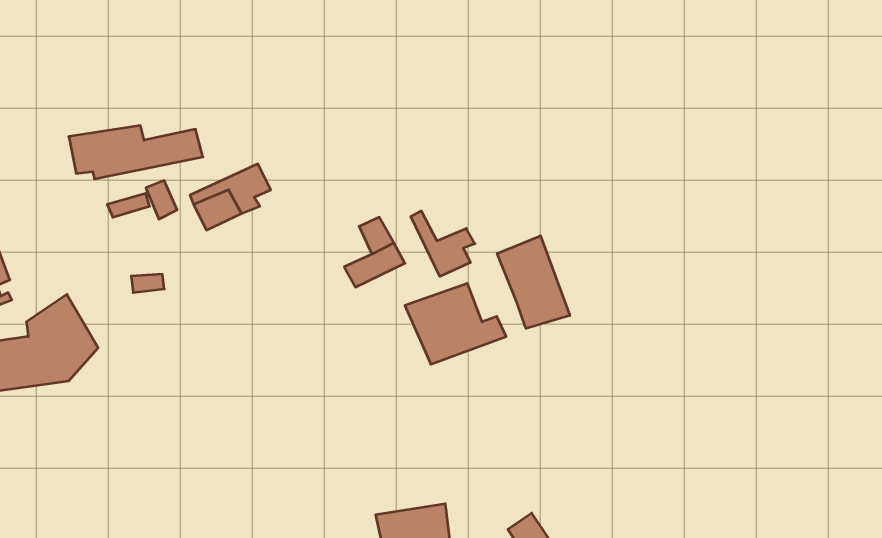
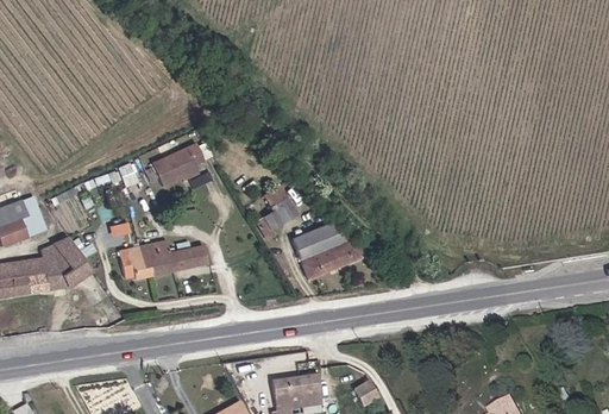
building: [69,126,203,179] -> [117,240,203,275]
building: [411,211,475,276] -> none
building: [497,236,570,328] -> none

